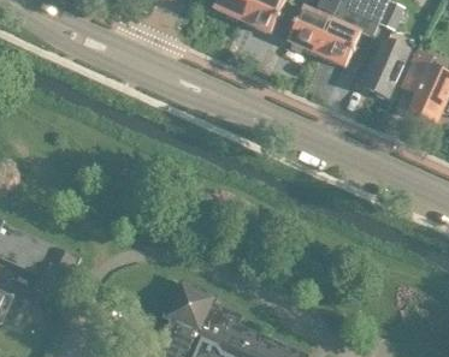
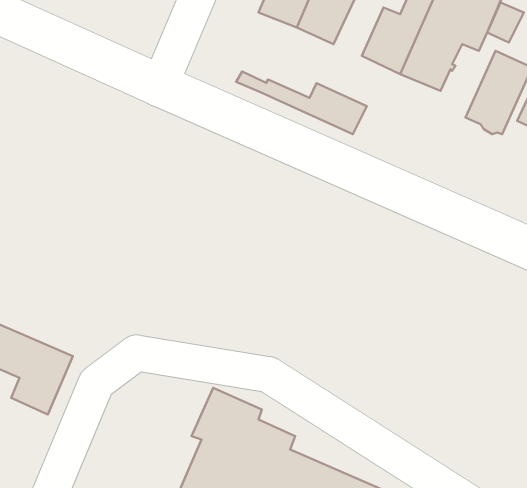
building: none -> [236,72,367,134]

